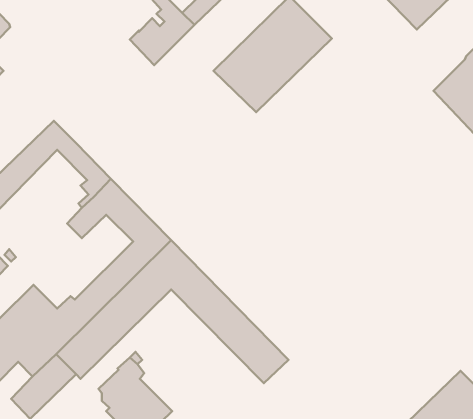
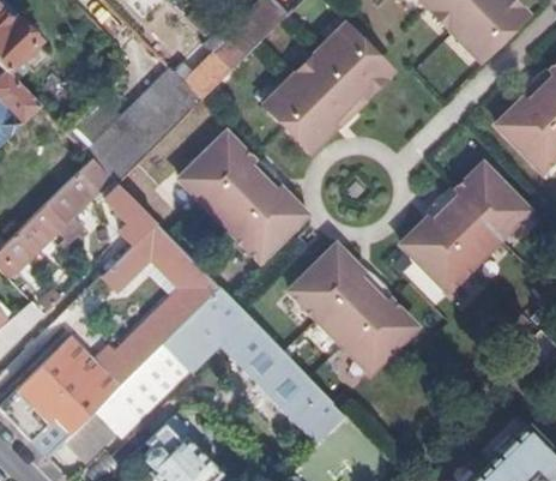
building: none -> [87,68,200,182]
building: none -> [179,133,304,259]
building: none -> [401,163,527,289]
building: none -> [289,245,415,371]

